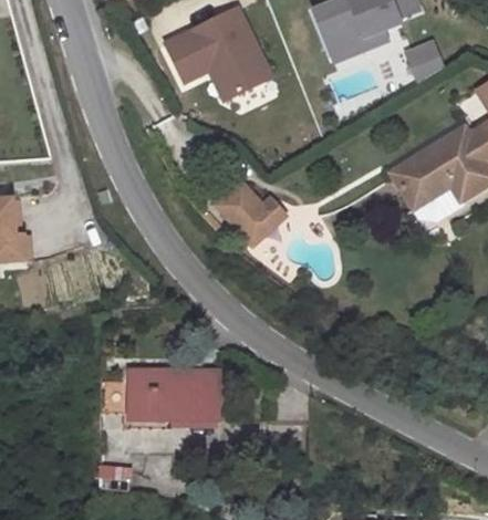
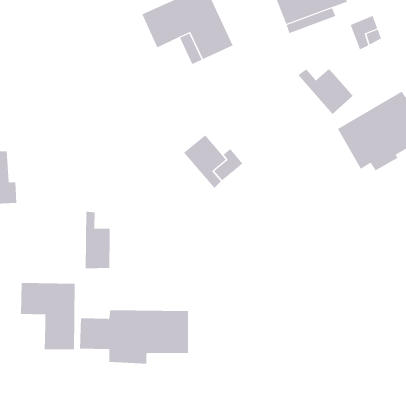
building: none -> [298,68,353,115]
building: none -> [85,211,110,269]
building: none -> [20,282,75,350]

